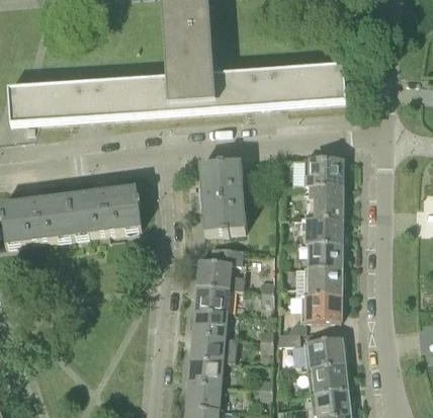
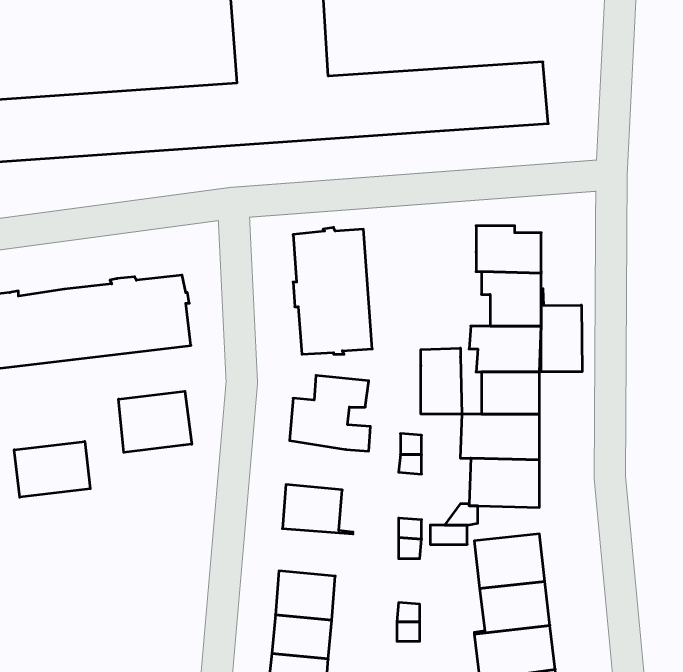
building: none -> [541,289,582,372]
building: none -> [421,348,462,414]
building: none -> [119,391,192,452]
building: [196,281,231,310] -> none
building: none -> [14,441,90,497]
building: [192,332,235,359] -> none

